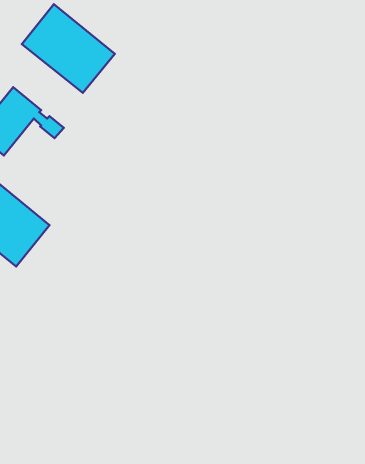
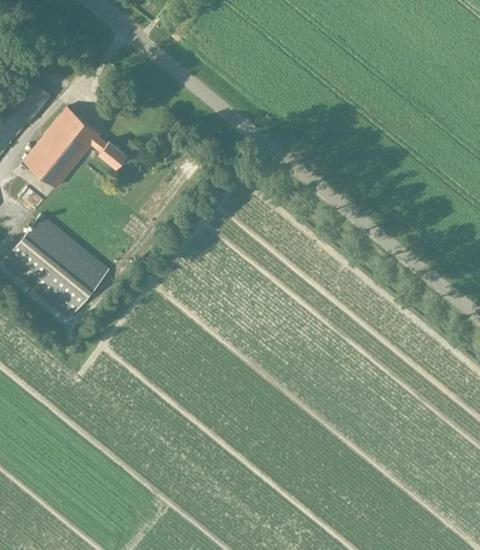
building: [22,4,115,93] -> none

